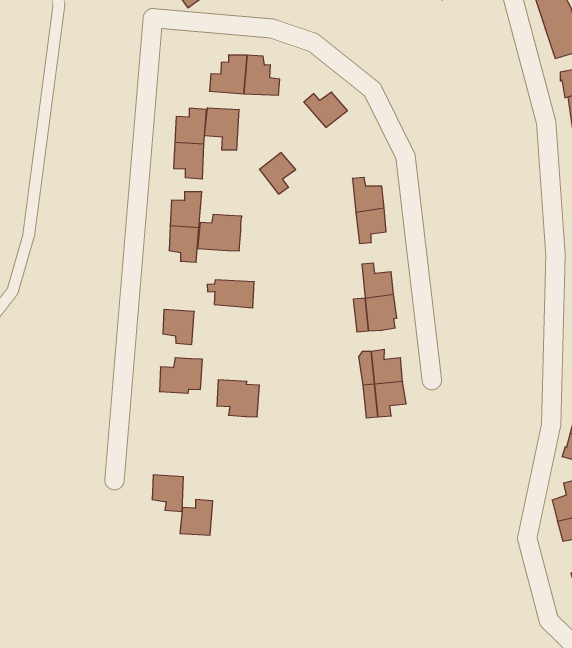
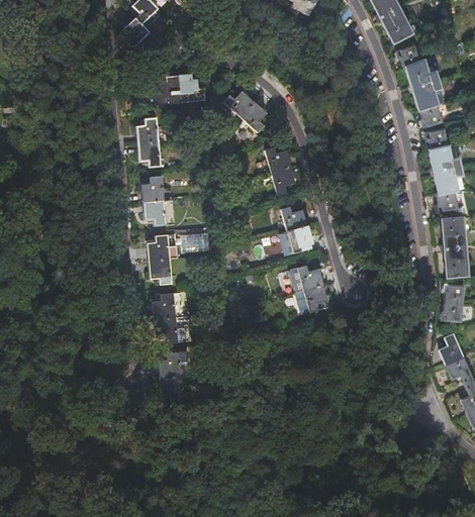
building: [204,108,239,150] -> none
building: [259,153,296,194] -> [242,102,267,131]
building: [197,215,242,251] -> [149,233,179,261]
building: [217,380,259,417] -> [156,316,187,341]
building: [180,500,213,535] -> [160,350,182,377]

